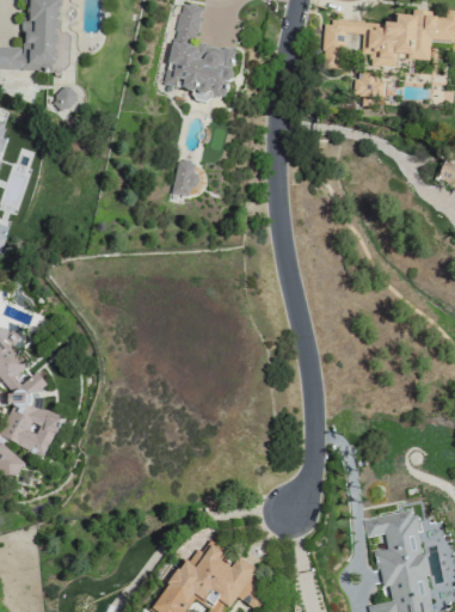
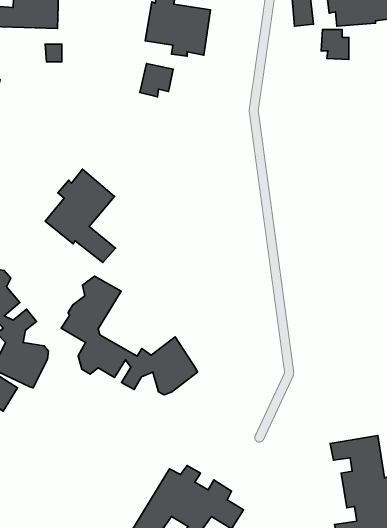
building: [171,159,207,195] -> [140,64,173,97]
building: none -> [45,169,115,263]
building: none -> [61,276,198,395]

